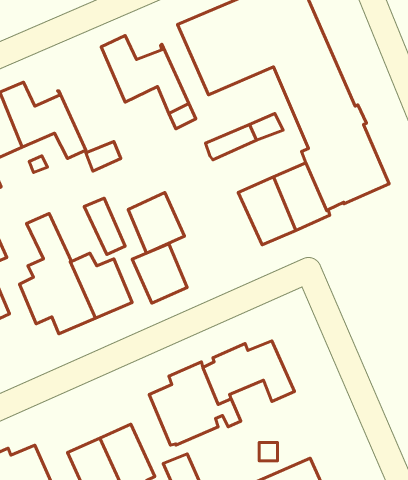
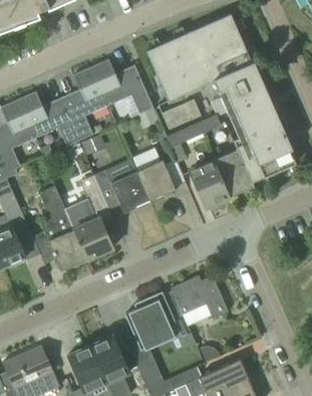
building: none -> [61,66,108,140]
building: none -> [162,98,202,129]
building: [132,244,187,303] -> [136,159,176,201]

